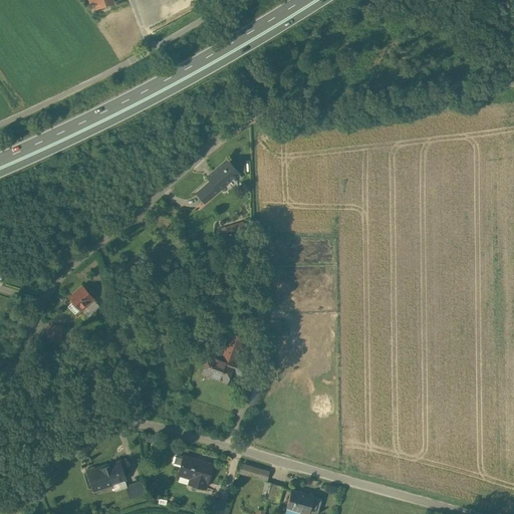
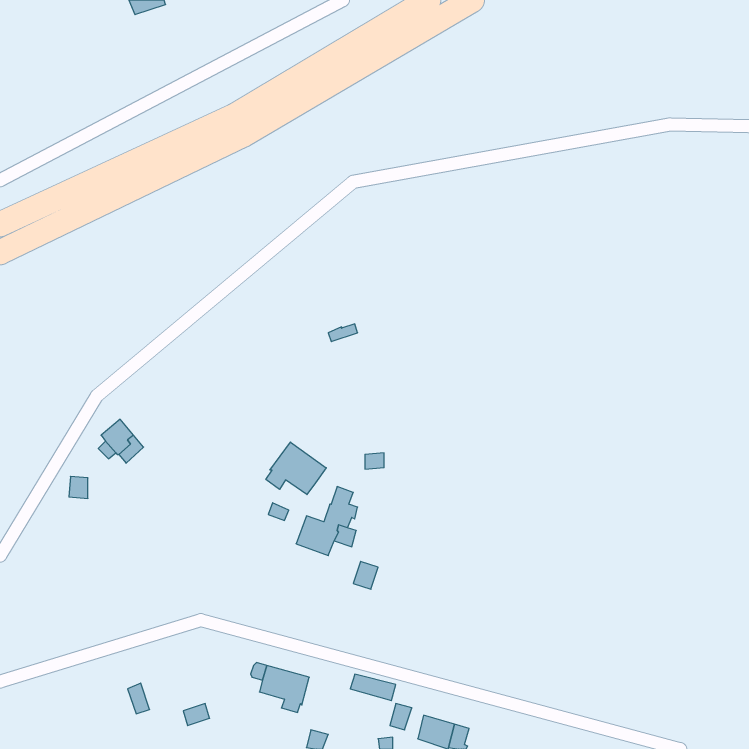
building: [197,161,238,202] -> none
building: none -> [266,442,326,495]
building: [96,462,124,486] -> none

